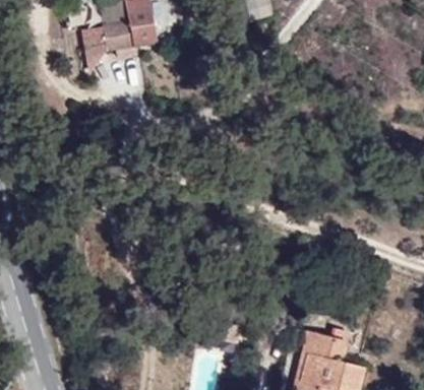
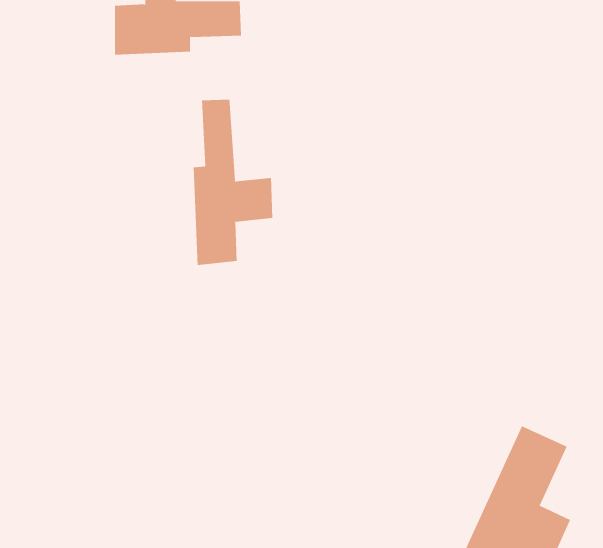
building: none -> [193,99,273,266]

